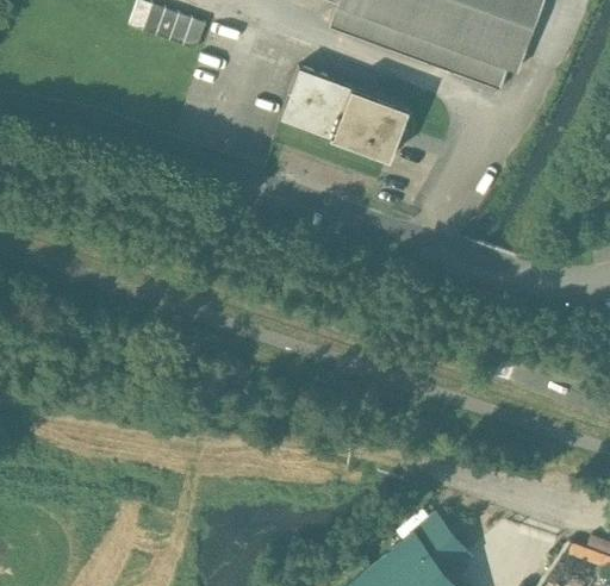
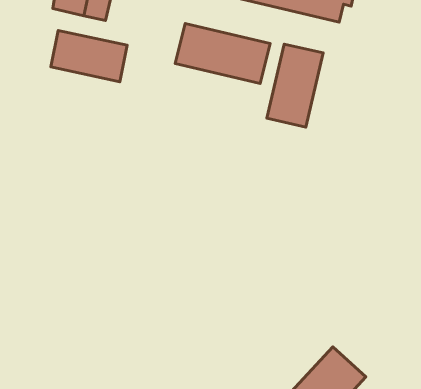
building: none -> [51,30,127,82]
building: none -> [267,44,323,127]

